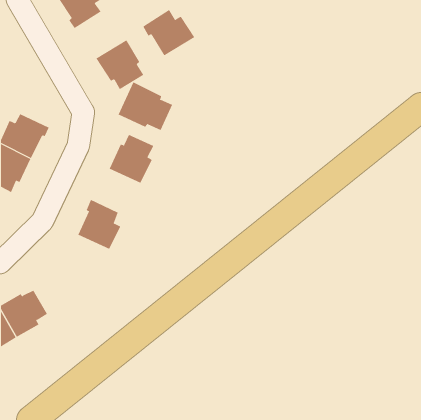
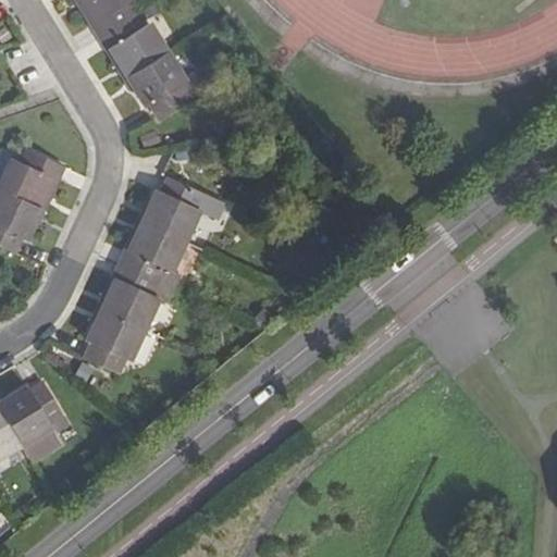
building: [142,9,195,56] -> [98,15,168,77]
building: [118,82,173,131] -> none
building: none -> [120,223,186,281]
building: none -> [84,310,145,373]

